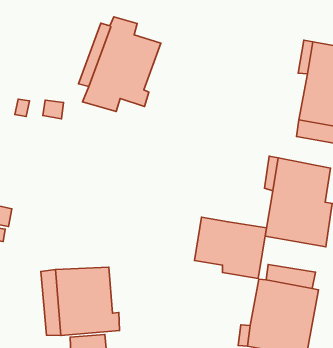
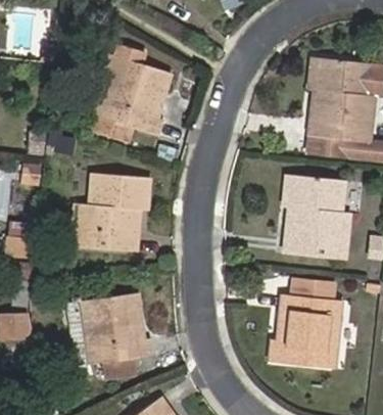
building: none -> [79,173,147,249]
building: [195,217,267,279] -> none

